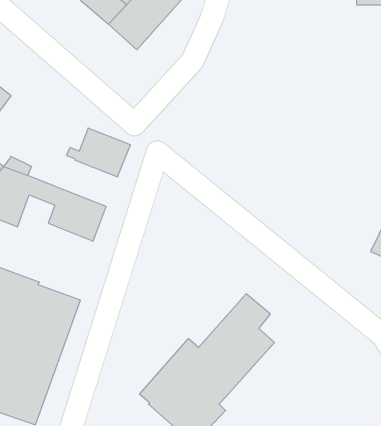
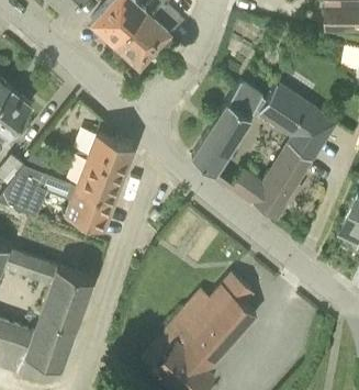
building: none -> [191,83,343,223]
building: none -> [77,160,123,200]

